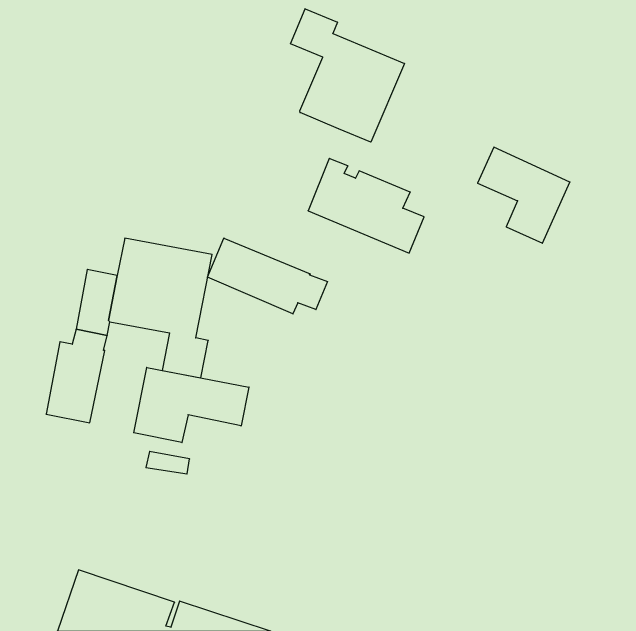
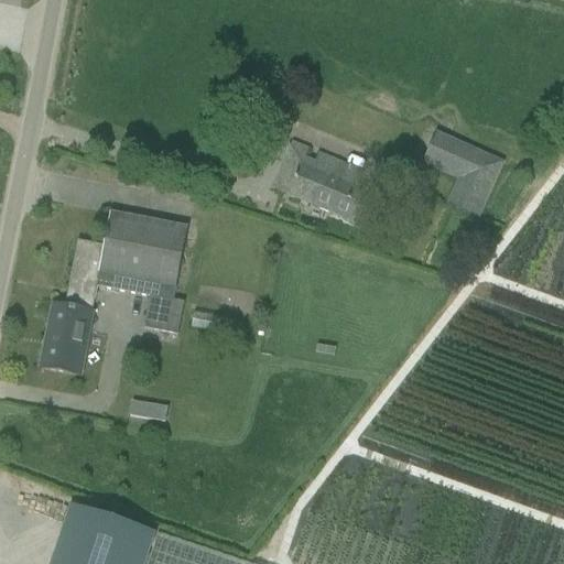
building: [290,9,404,142] -> none
building: [208,238,328,314] -> none
building: [134,367,249,443] -> none

